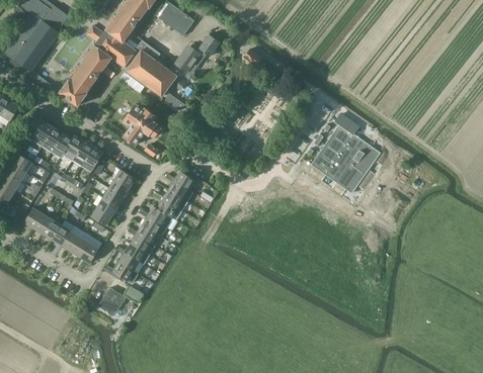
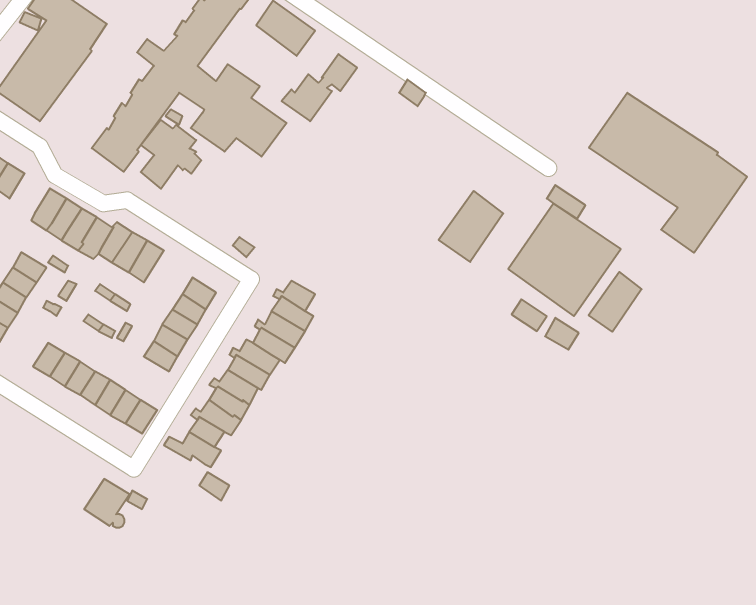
building: none -> [589,93,747,253]
building: [124,104,160,146] -> [141,120,201,189]
building: none -> [439,191,503,262]
building: none -> [589,272,642,332]
building: [98,288,126,317] -> [84,479,129,528]

